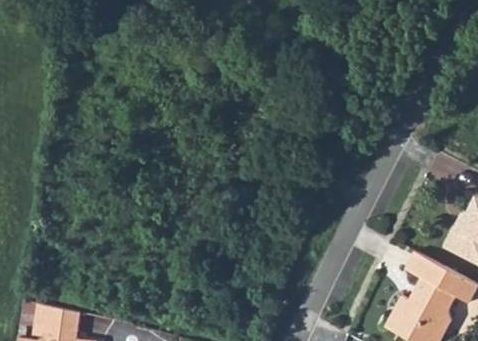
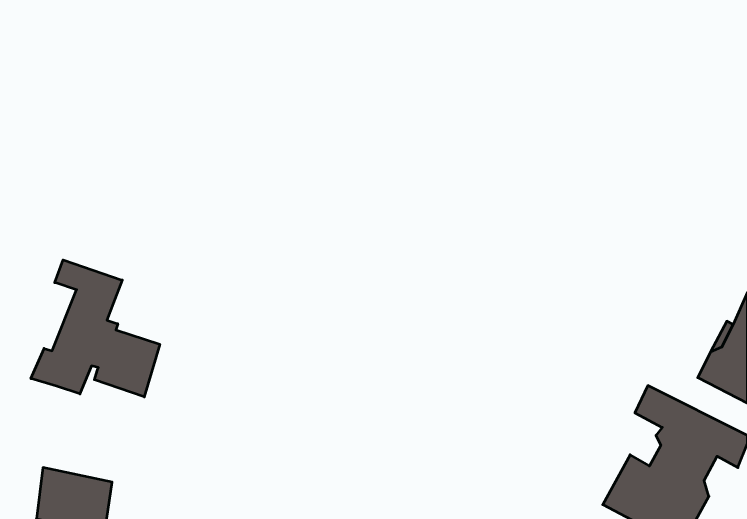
building: none -> [31,260,160,397]

